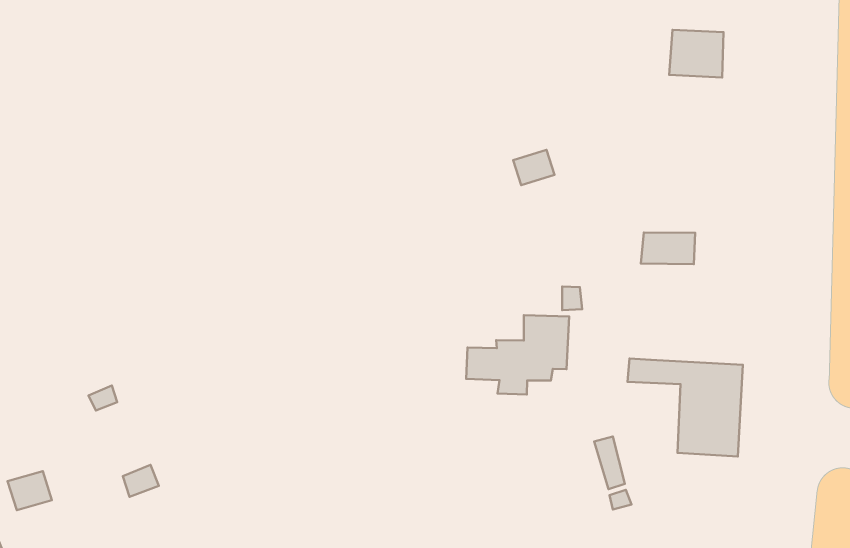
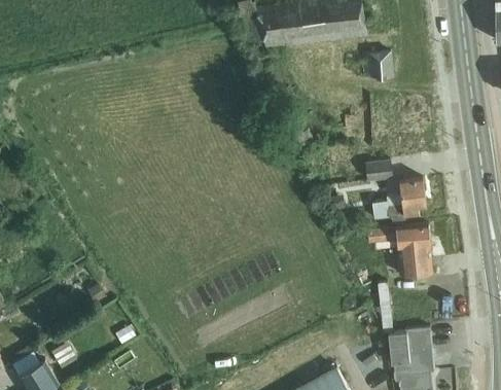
building: [466,315,569,394] -> [372,178,426,224]

